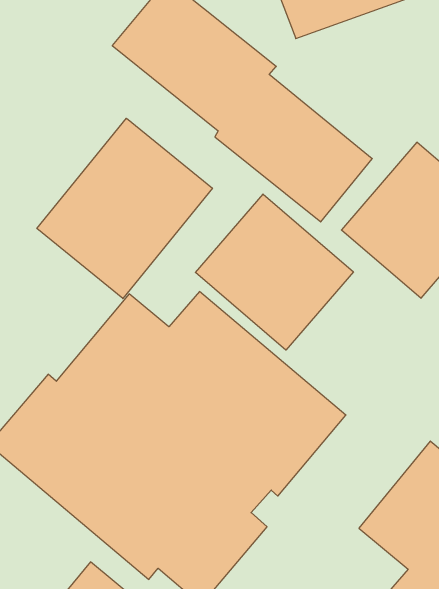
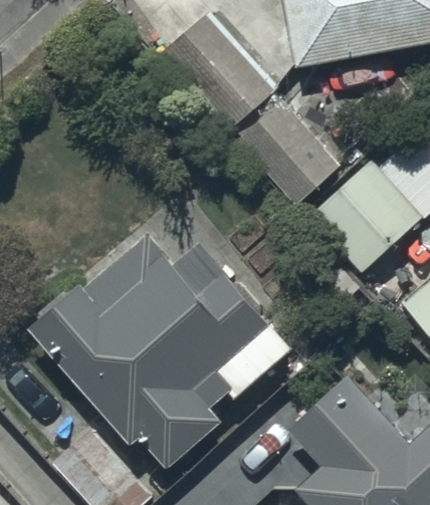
building: [37,118,212,299] -> none
building: [195,194,353,350] -> none

